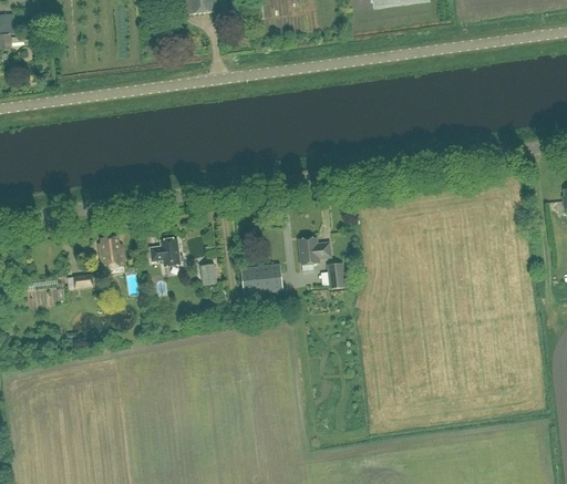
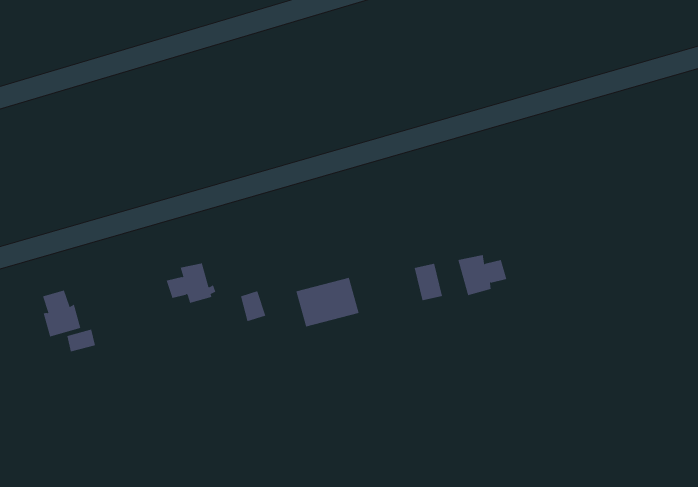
building: [99,236,124,268] -> [42,290,81,337]
building: [297,237,330,265] -> [458,254,507,296]

